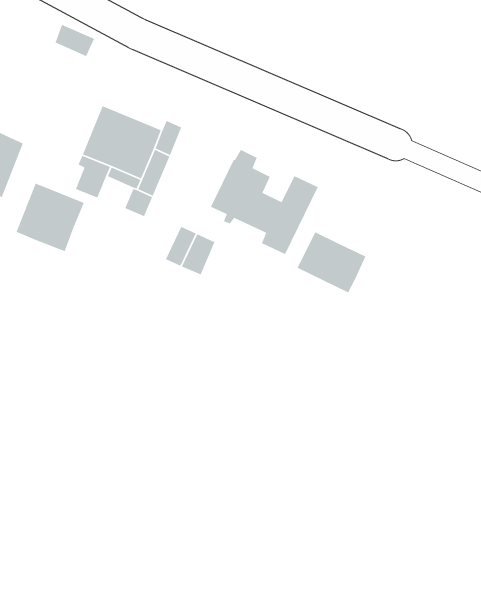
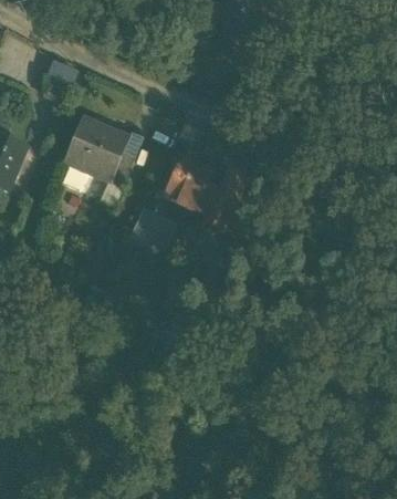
building: [15,182,85,252] -> none
building: [297,231,367,294] -> none

